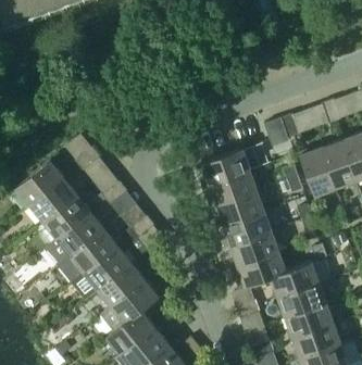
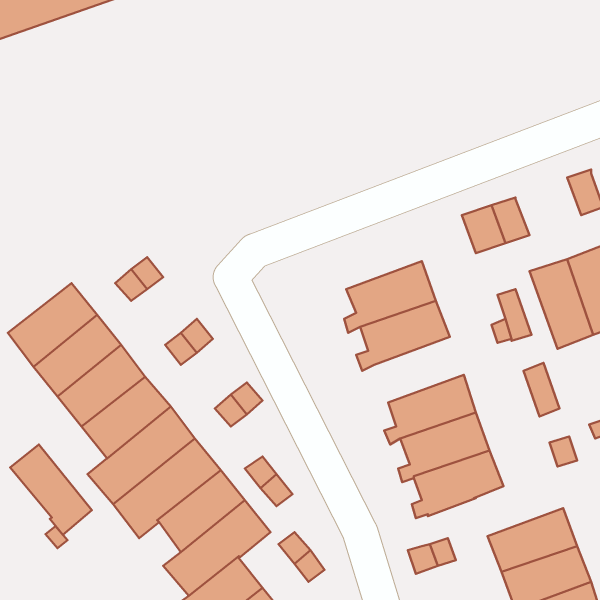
building: [213,189,264,227] -> none
building: none -> [10,445,92,535]
building: [270,261,319,298] -> none

